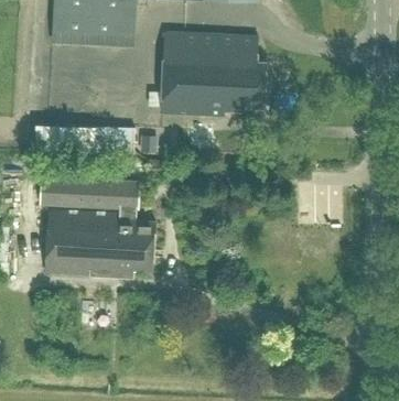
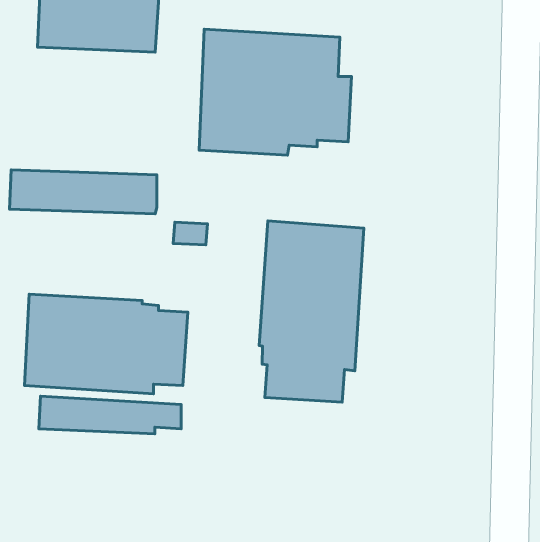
building: none -> [259,221,364,402]
building: [41,182,137,207] -> [39,396,181,434]

